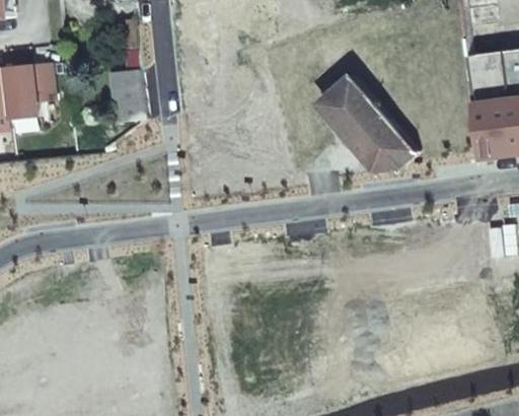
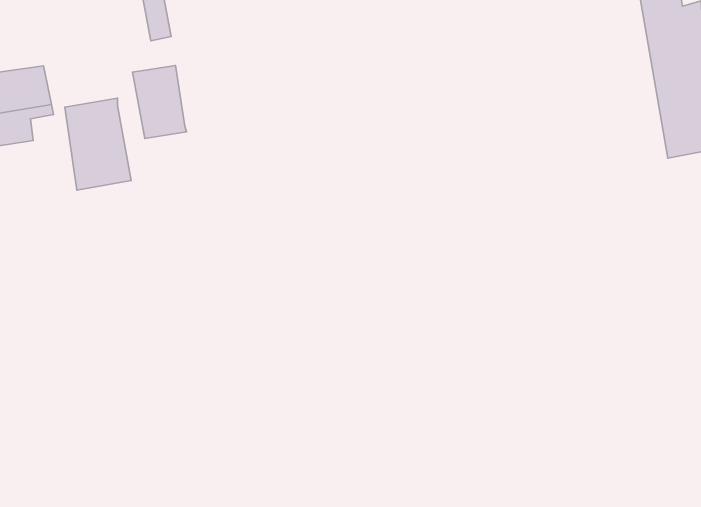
building: [318,78,416,169] -> none
building: none -> [65,98,131,190]

